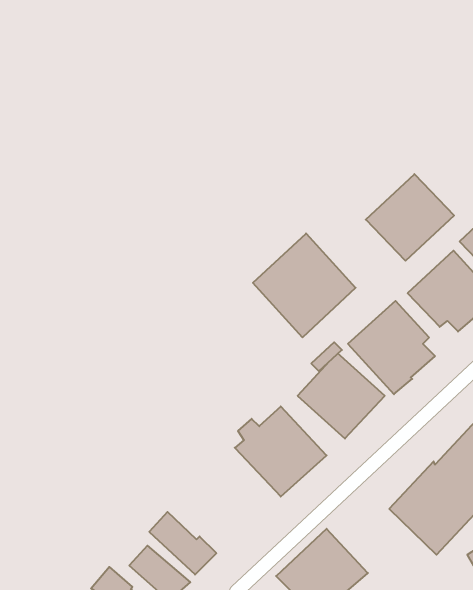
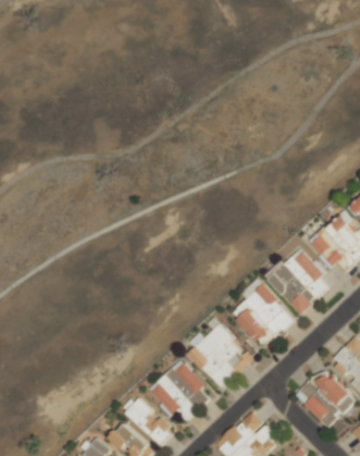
building: [366,174,454,261] -> none
building: [253,233,356,337] -> none
building: none -> [149,358,209,419]

